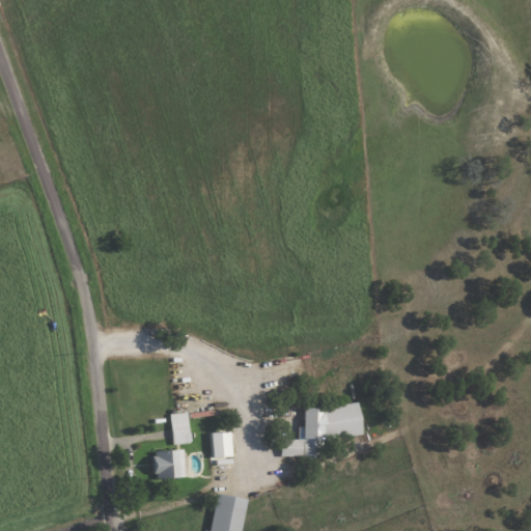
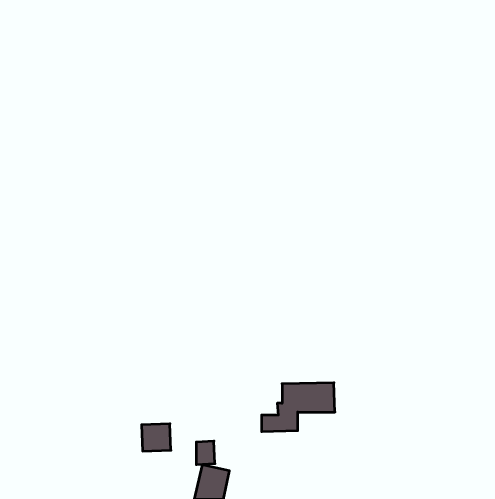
building: [172,413,190,445] -> none
building: [213,432,232,457] -> [196,441,215,465]

